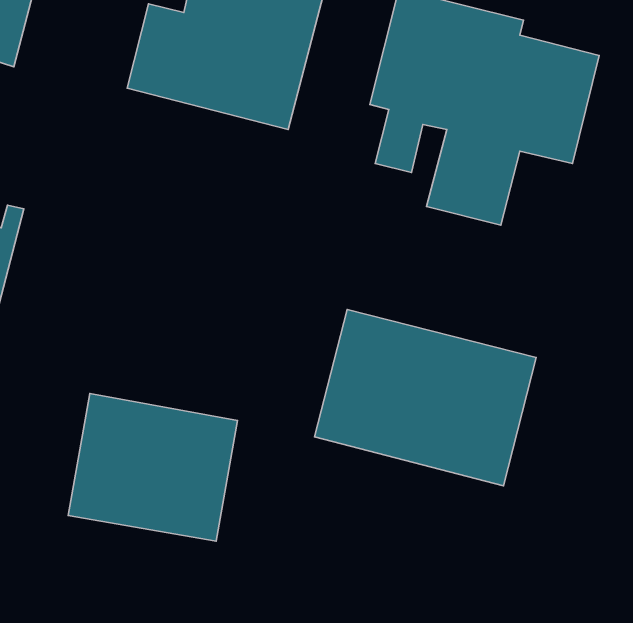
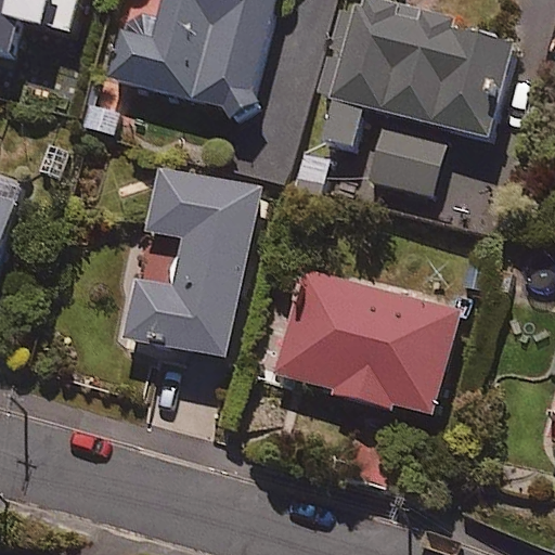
building: none -> [124,163,261,358]
building: [68,394,237,541] -> none

